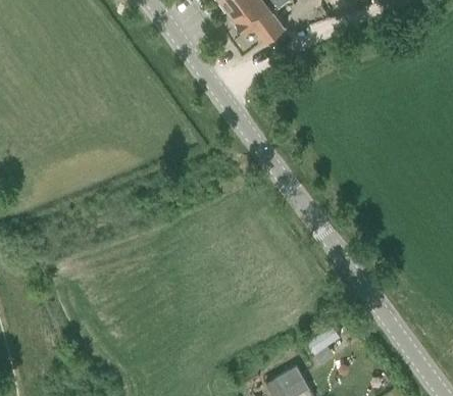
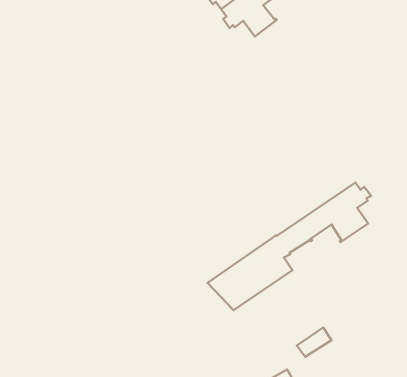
building: none -> [207,183,371,310]

